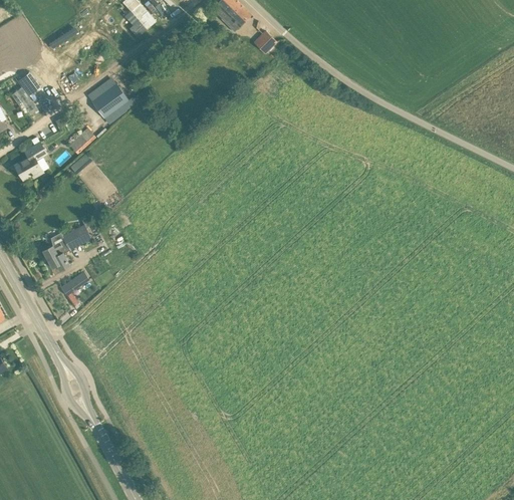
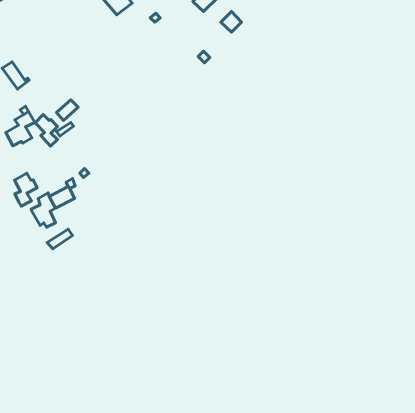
building: [91,82,127,117] -> none
building: none -> [35,114,57,146]
building: none -> [14,173,37,206]

